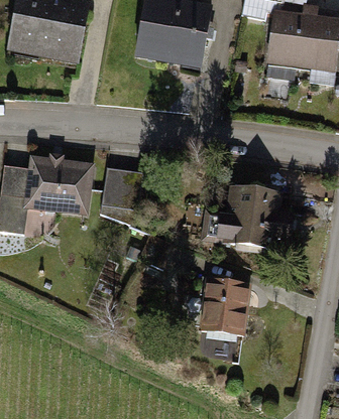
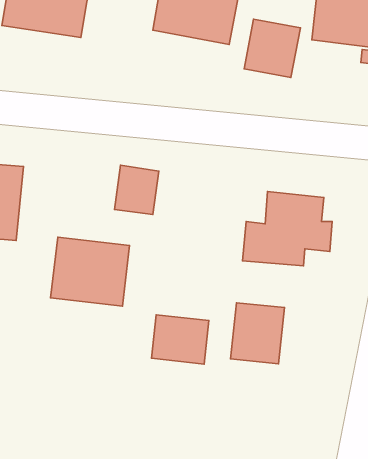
building: none -> [244,19,300,78]
building: [27,154,94,213] -> [51,237,130,306]
building: none -> [152,315,209,364]

